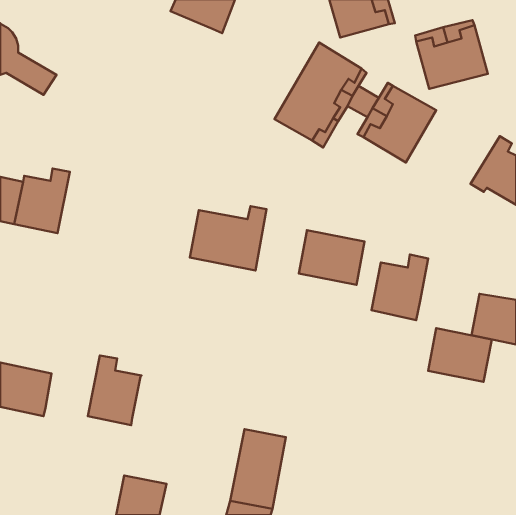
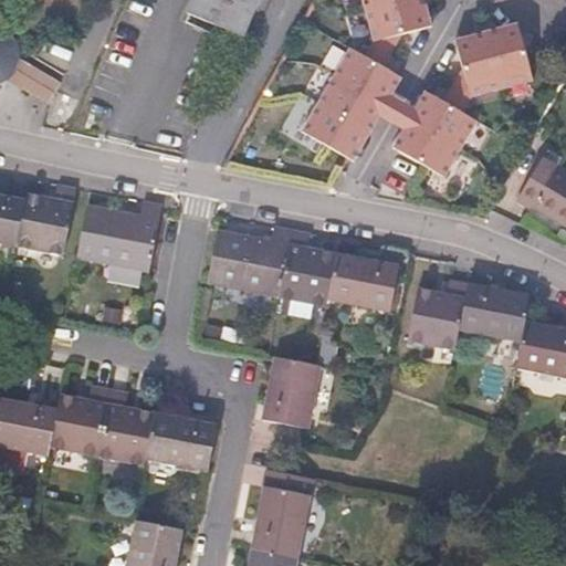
building: none -> [76,200,163,271]
building: none -> [280,229,336,306]
building: none -> [263,357,321,429]
building: [428,328,492,382] -> [460,283,530,342]
building: none -> [50,386,109,455]
building: none -> [145,412,217,471]

